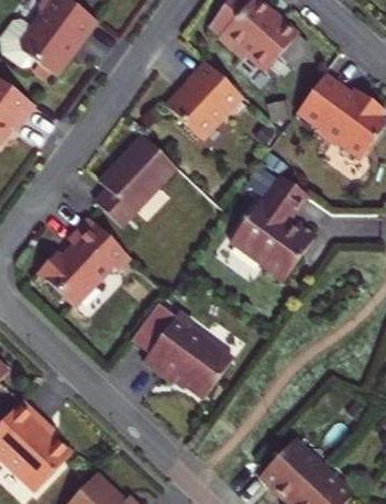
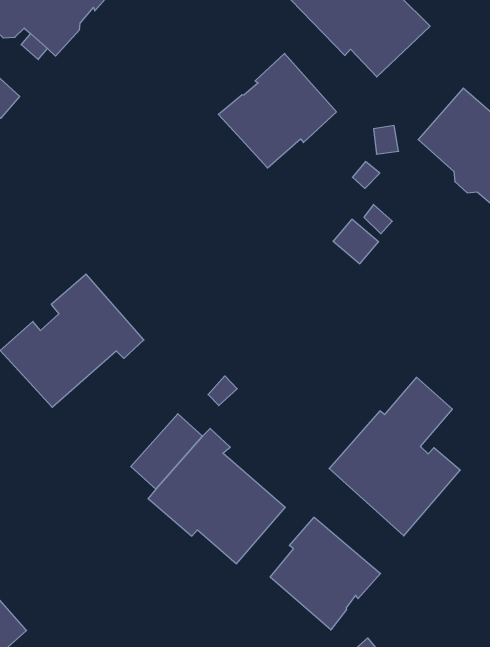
building: [96,134,177,226] -> none
building: [231,175,317,280] -> [329,377,460,536]
building: none -> [270,517,381,630]

